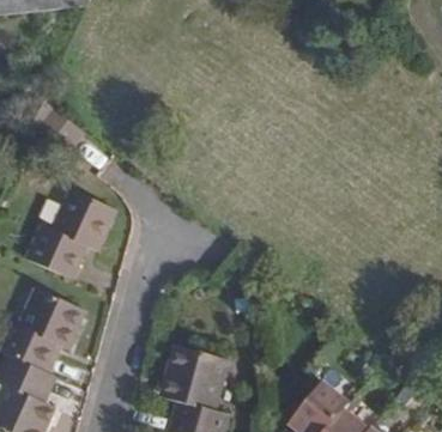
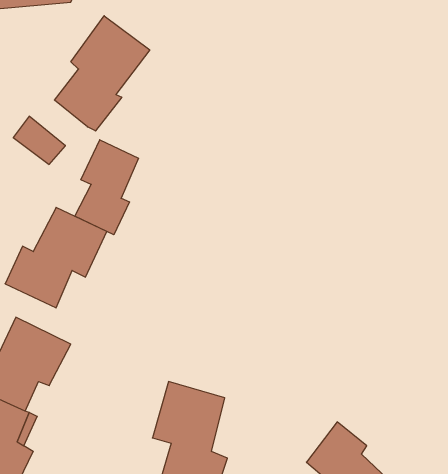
building: none -> [54,16,150,131]
building: none -> [75,140,139,235]

